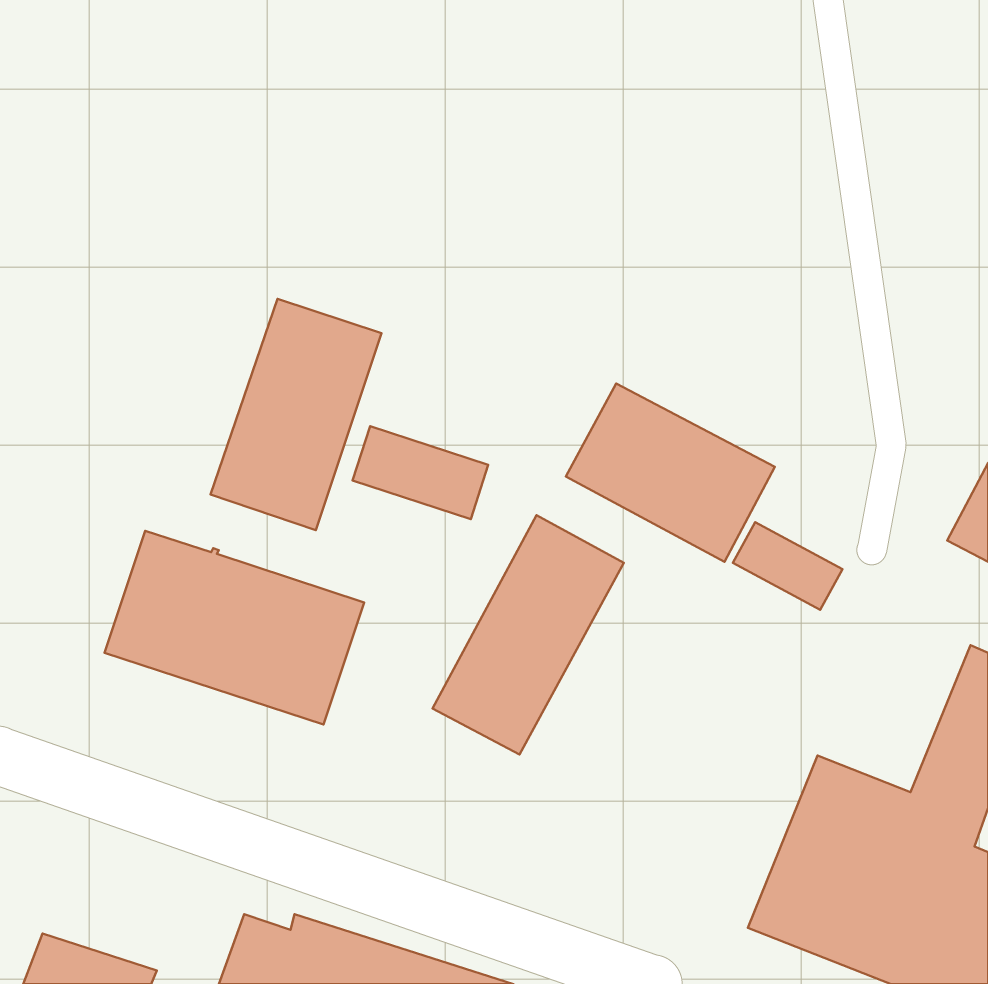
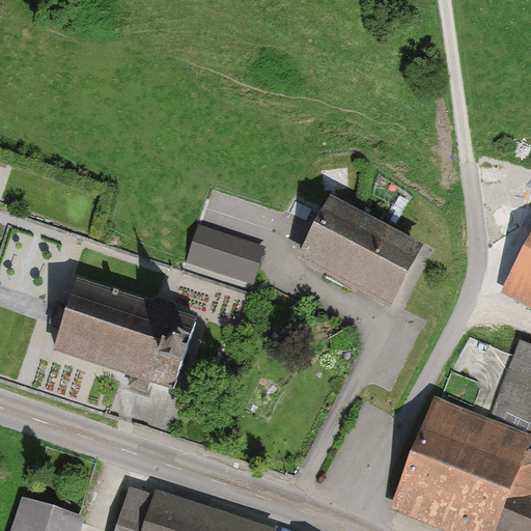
building: [210,299,381,530] -> none
building: [433,515,624,754] -> none
building: [733,522,843,610] -> none

